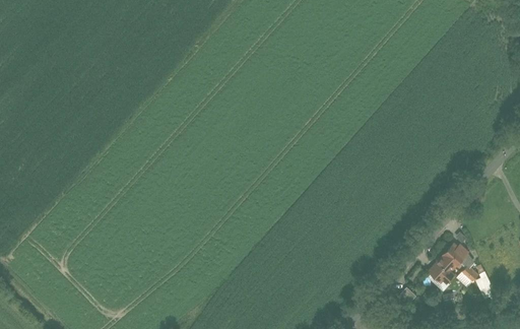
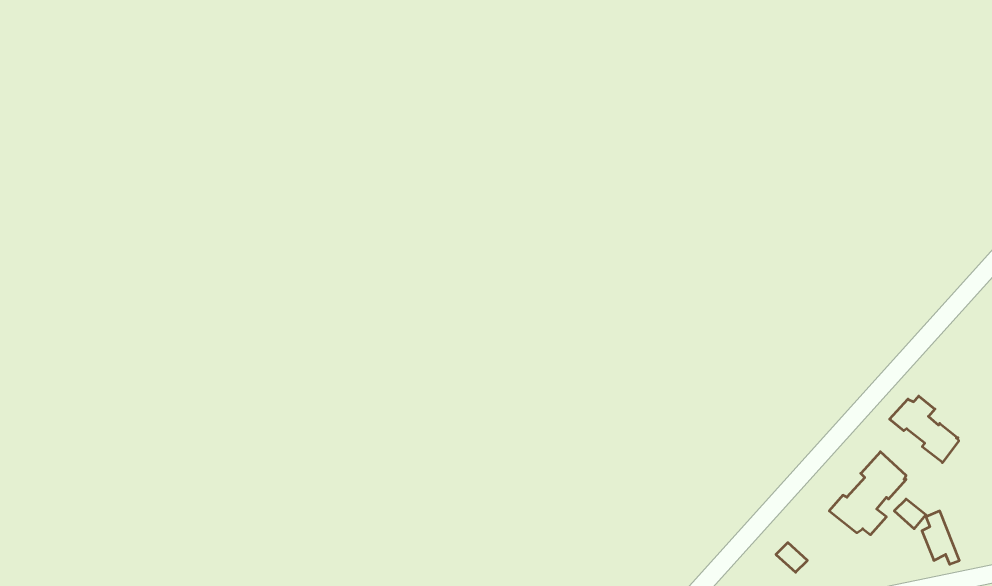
building: none -> [890,396,959,463]

